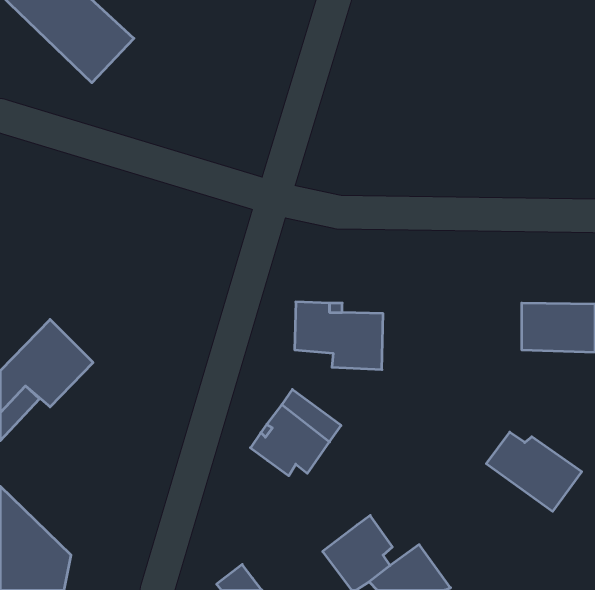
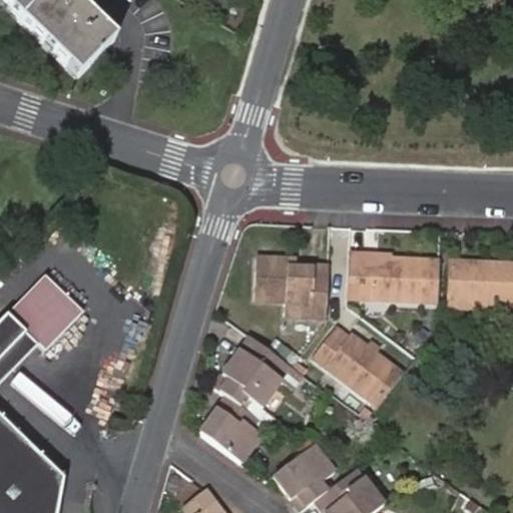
building: none -> [349,260,429,304]
building: [486,432,582,511] -> [319,332,401,400]
building: none -> [203,396,266,462]

